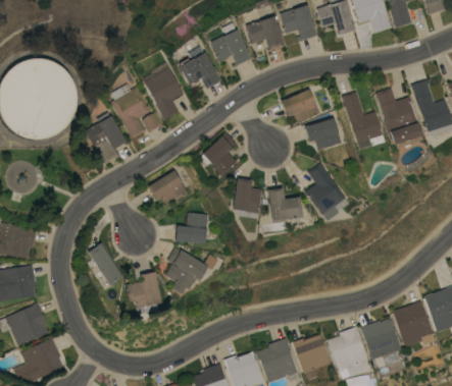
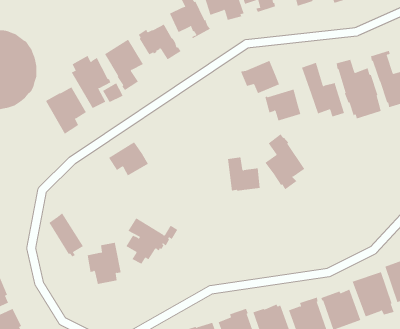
building: [199,131,240,175] -> none
building: [232,177,261,218] -> none
building: [175,212,209,243] -> none

